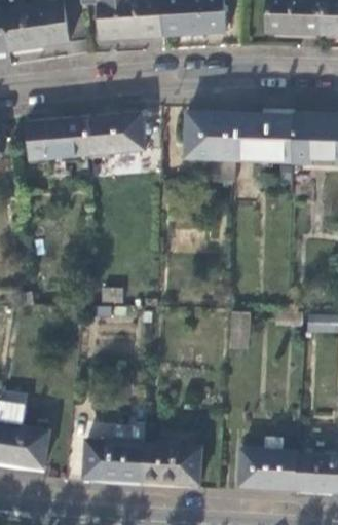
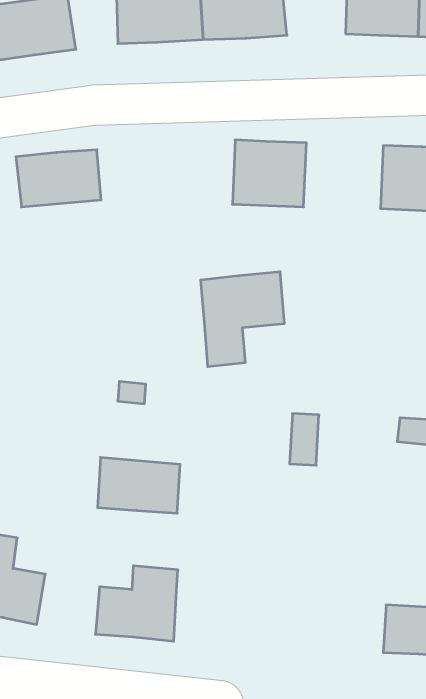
building: [84,112,146,182] -> [201,272,284,367]
building: [236,113,295,161] -> none
building: [240,437,297,488] -> none
building: [141,443,201,484] -> [98,457,180,513]

